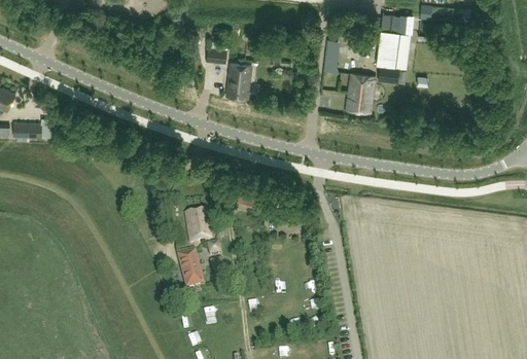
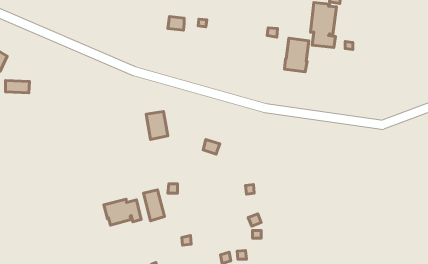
building: [225,63,250,98] -> none
building: [184,210,210,243] -> [146,112,168,139]
building: none -> [104,199,141,225]

